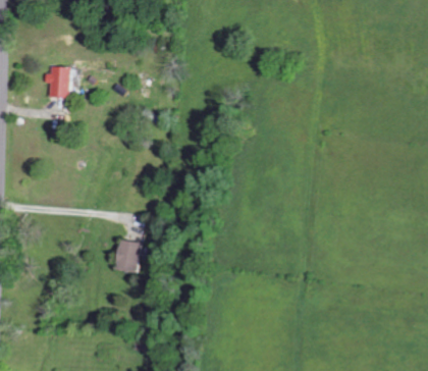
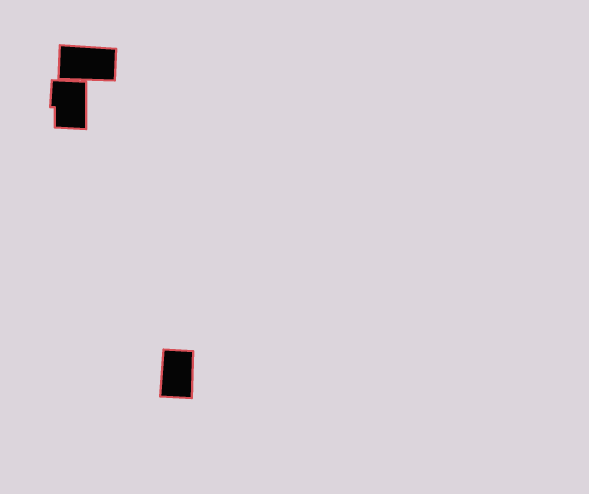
building: none -> [58,45,116,80]

